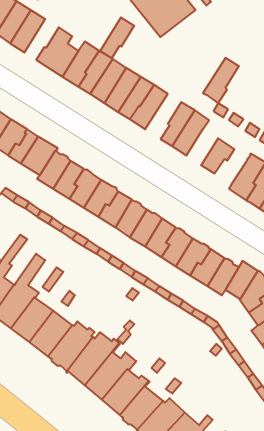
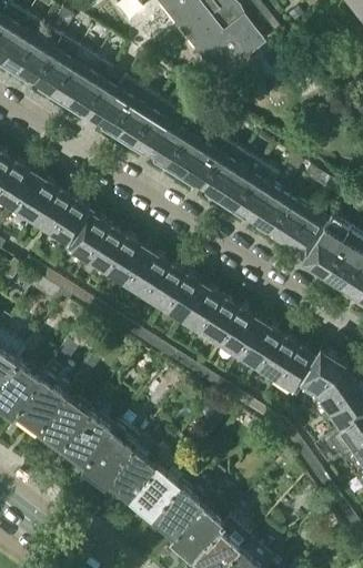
building: [100,18,134,58] -> [50,52,92,102]
building: [203,58,239,103] -> [199,144,243,200]
building: none -> [250,187,289,232]
building: none -> [284,212,325,255]

